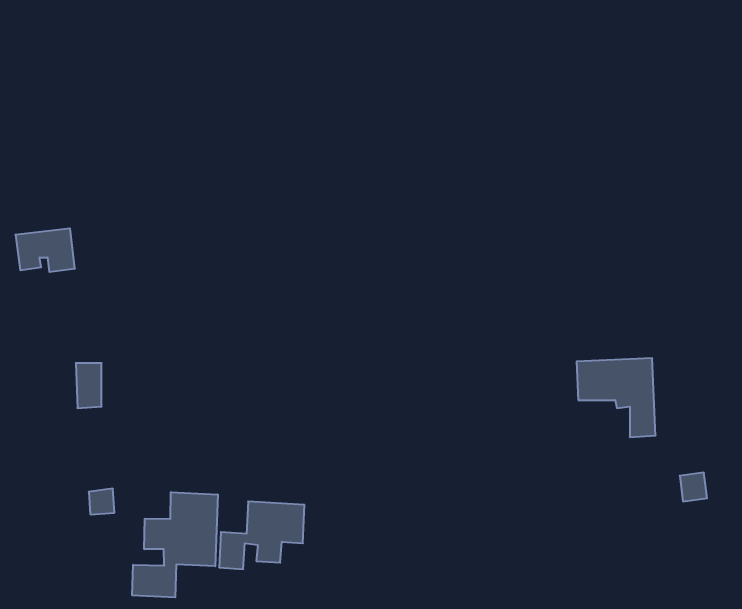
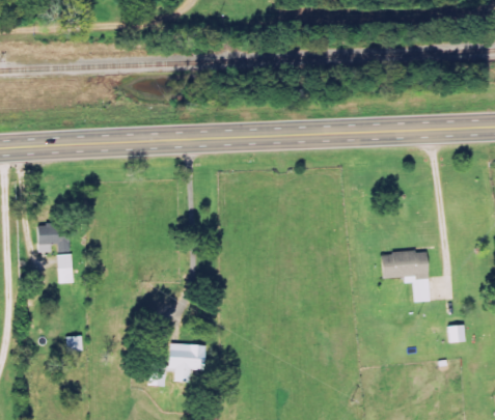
building: [15,228,75,272] -> [35,225,74,253]
building: [132,492,218,597] -> none

